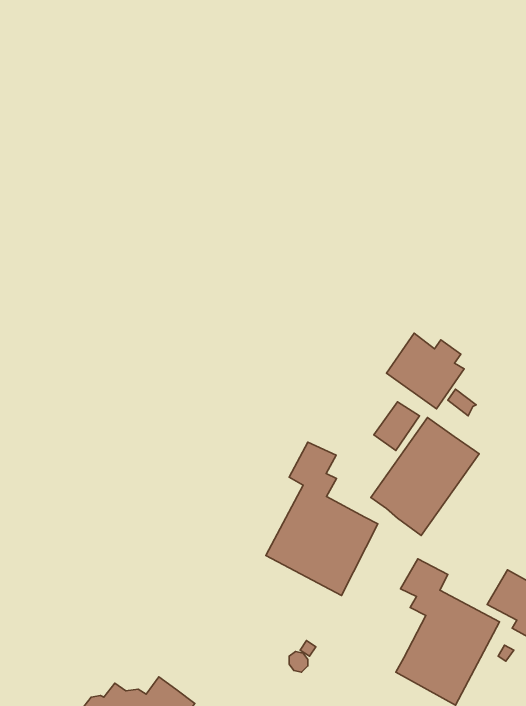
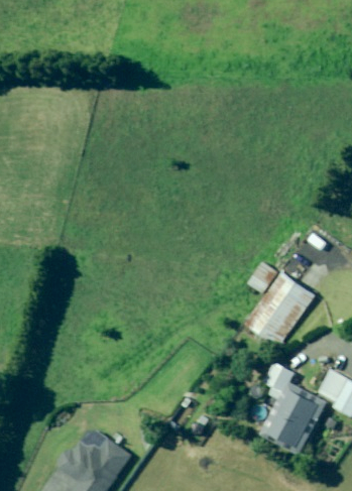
building: [387,333,464,409] -> none
building: [266,442,378,595] -> none

